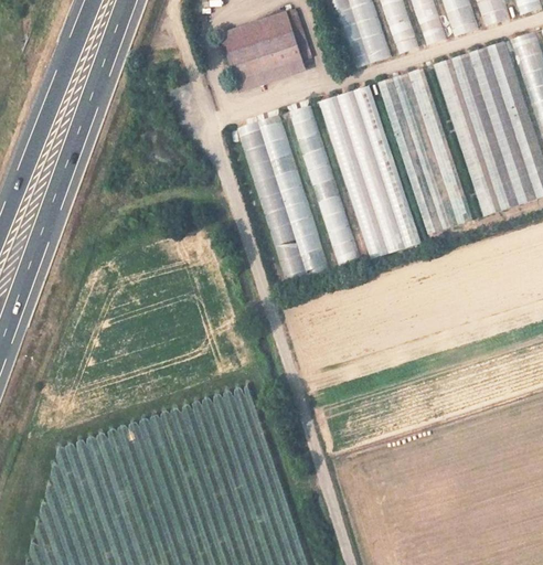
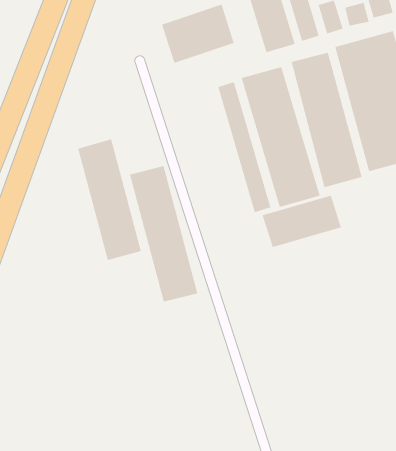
building: [242,114,327,282] -> [129,166,198,302]
building: none -> [77,139,141,261]
building: none -> [262,195,342,248]

